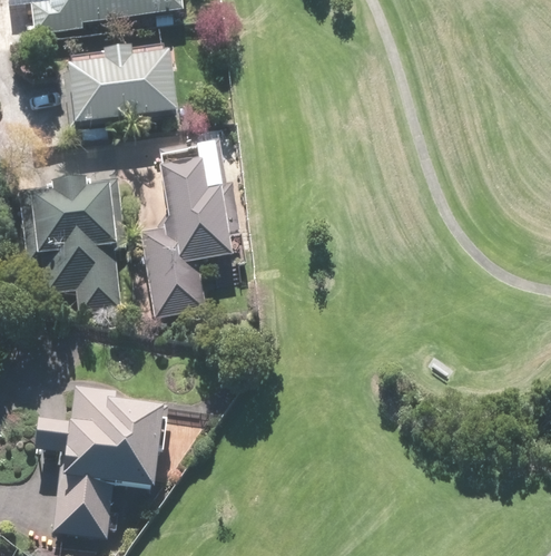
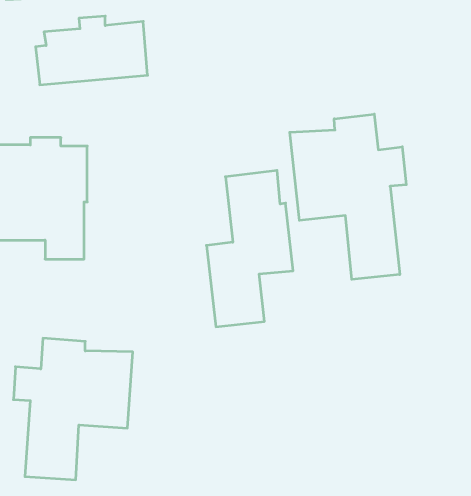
building: [142,148,234,313] -> [206,170,293,327]
building: none -> [290,114,406,279]

